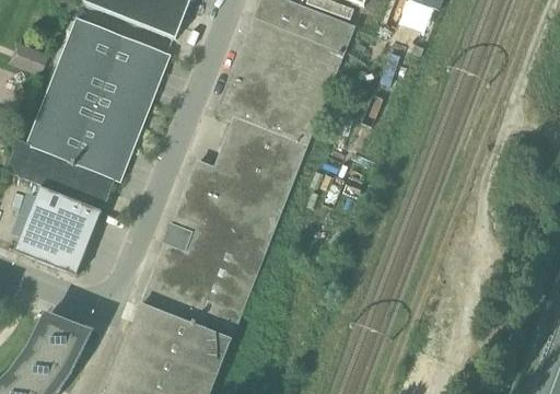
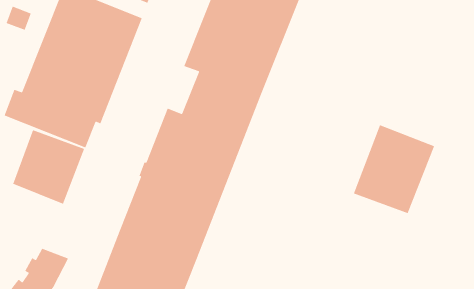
building: none -> [353,124,435,214]

